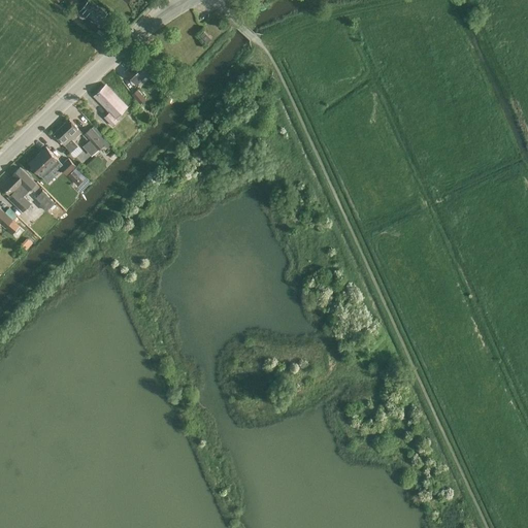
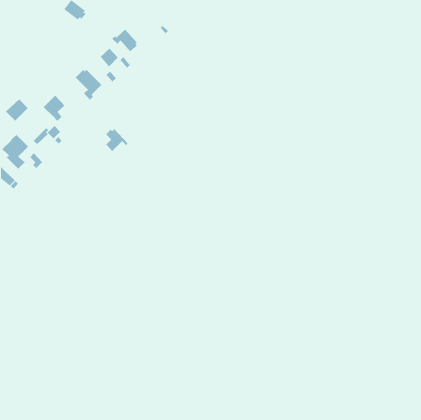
building: none -> [111,29,138,52]
building: [84,127,112,157] -> [106,128,129,152]
building: [29,148,58,177] -> [5,98,28,121]

